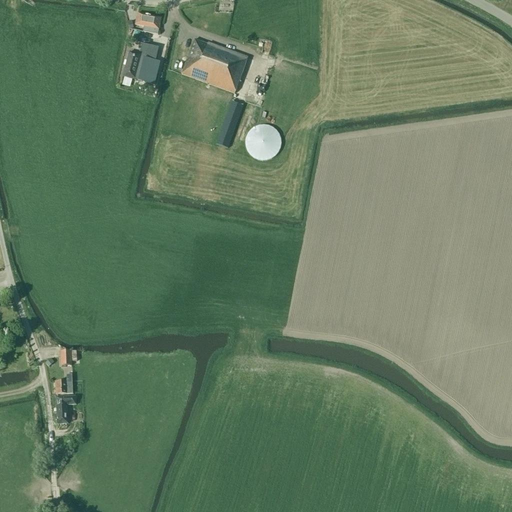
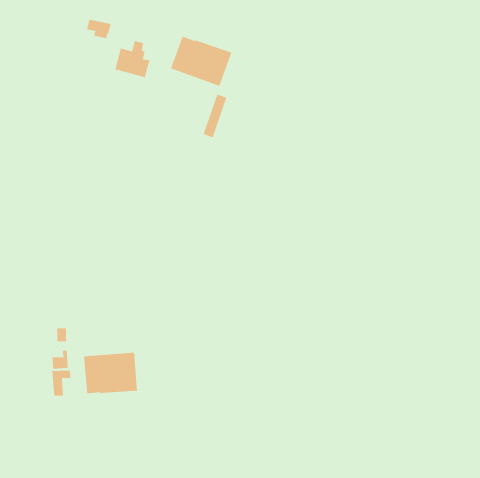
building: [135,12,162,33] -> [86,19,111,39]
building: [245,123,281,159] -> none
building: none -> [83,352,137,394]

